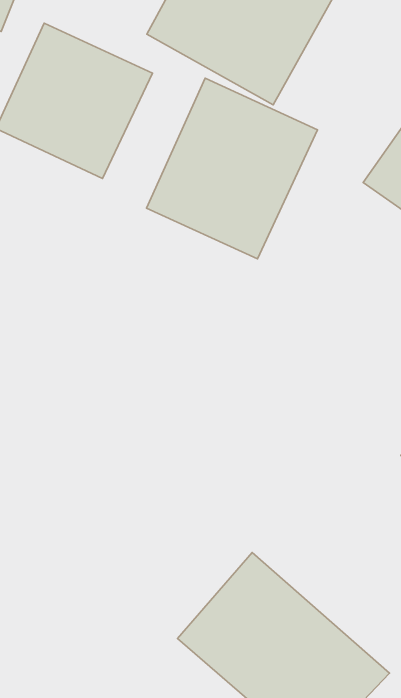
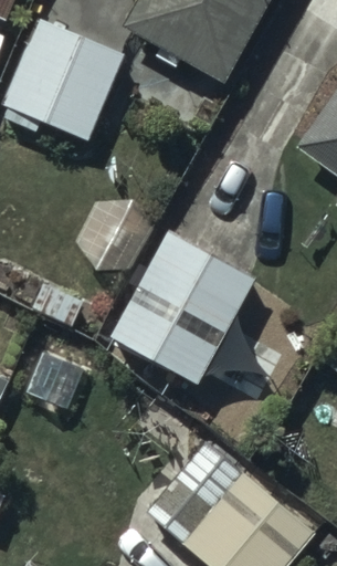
building: [146,78,317,259] -> none
building: none -> [109,233,256,388]

